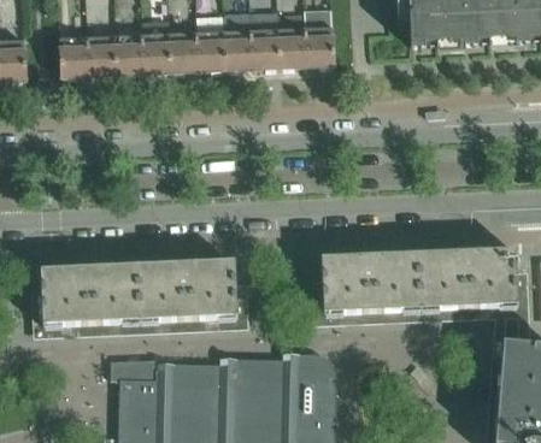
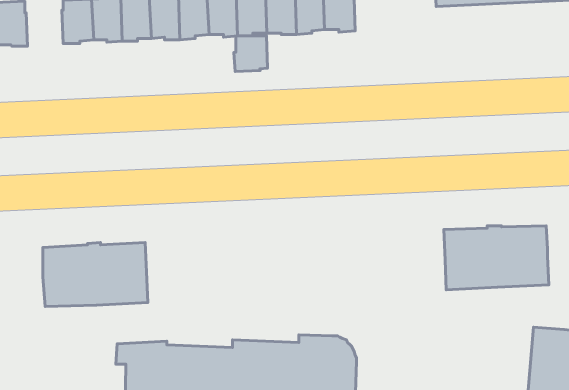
building: none -> [234,36,268,71]
building: [321,253,421,313] -> none
building: [137,261,236,321] -> none

